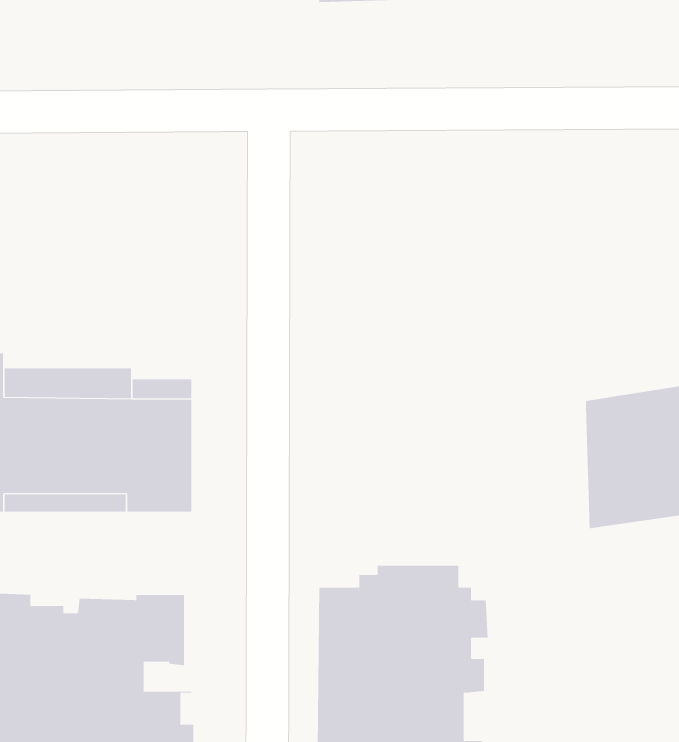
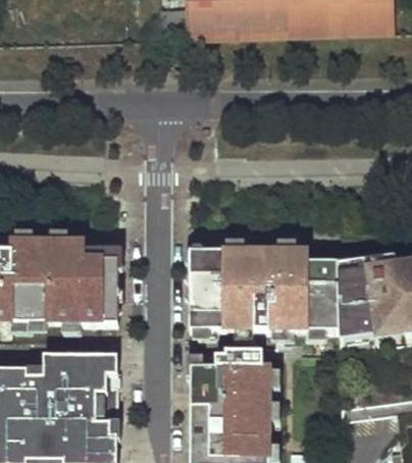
building: none -> [188,249,339,335]
building: none -> [46,353,123,440]

